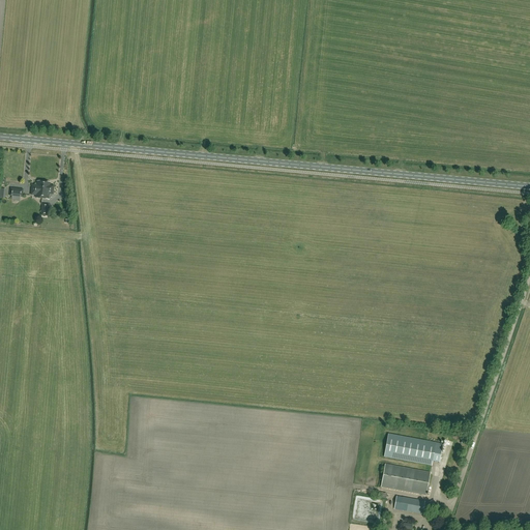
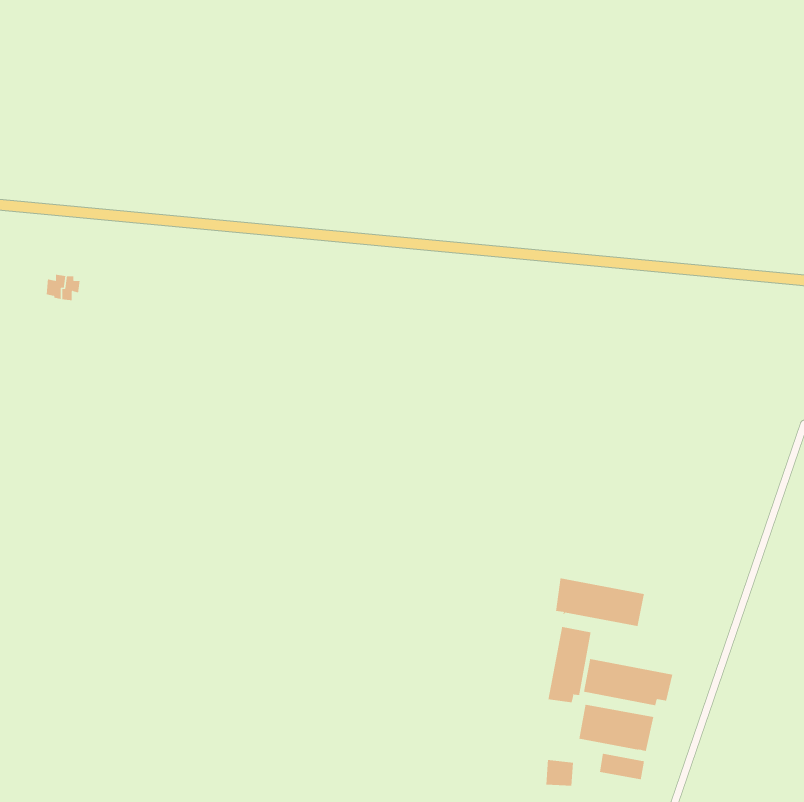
building: none -> [555,577,644,627]
building: none -> [548,626,591,703]

